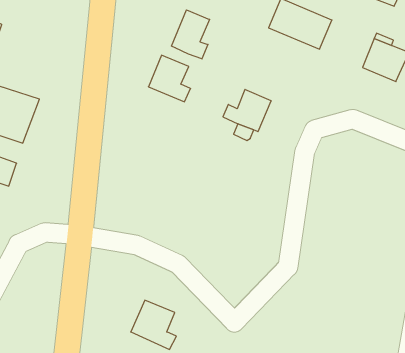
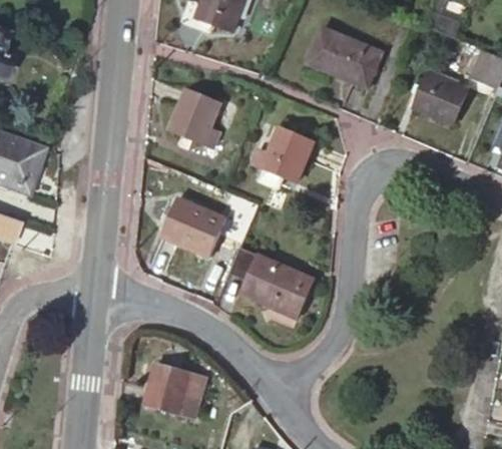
building: [172,10,210,59] -> none
building: none -> [163,199,225,254]
building: none -> [230,247,313,313]

